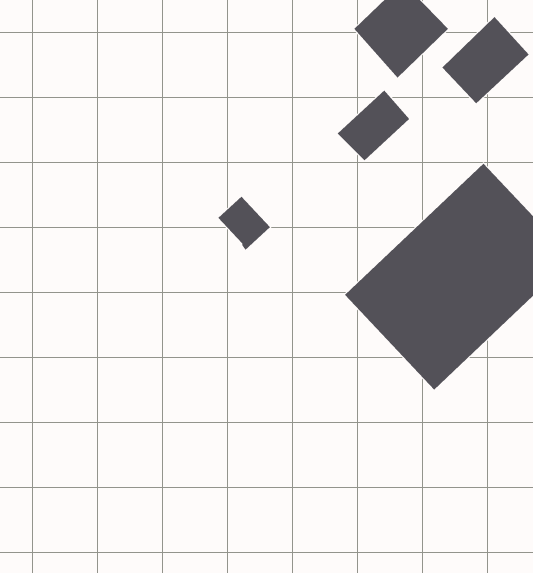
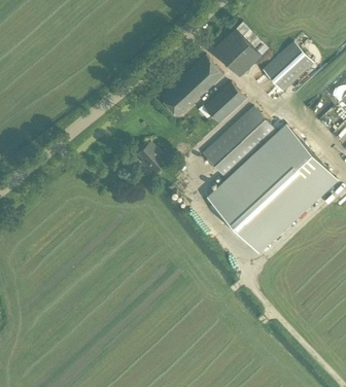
building: none -> [159,57,220,117]
building: none -> [202,108,274,178]

